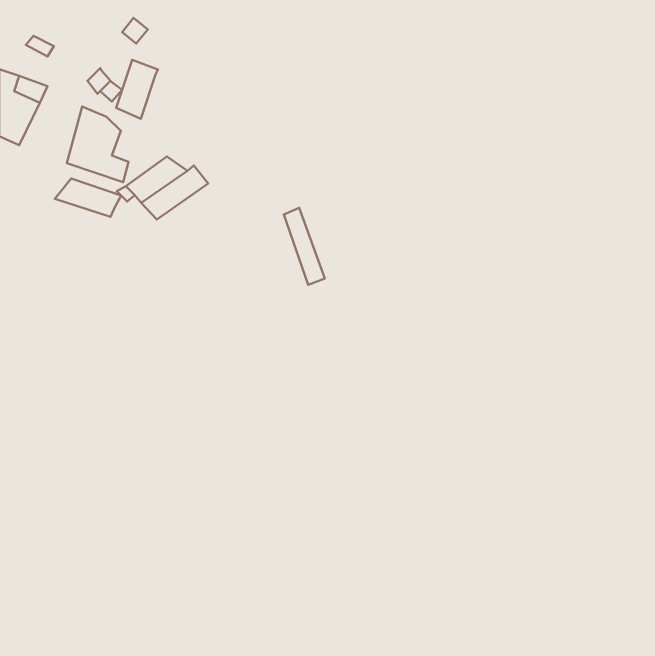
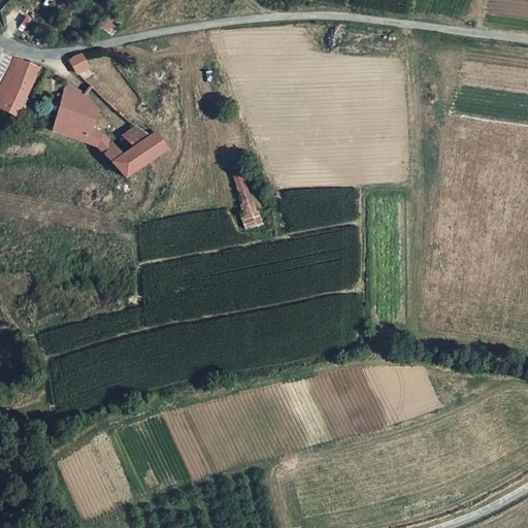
building: [116,60,158,119] -> none
building: [55,178,121,217] -> none

